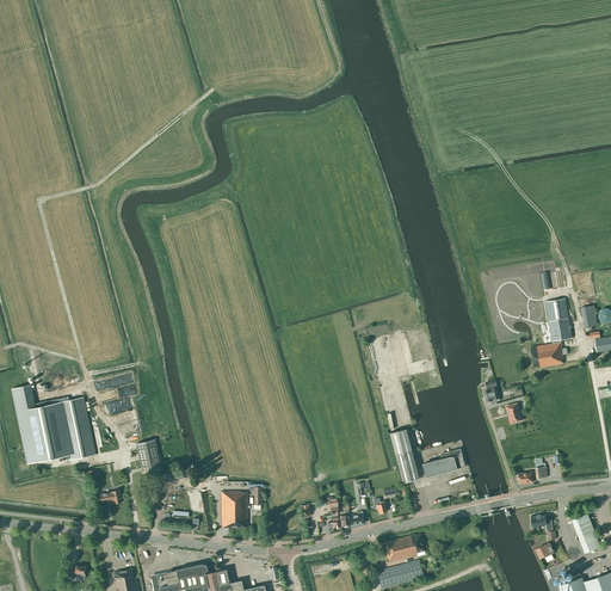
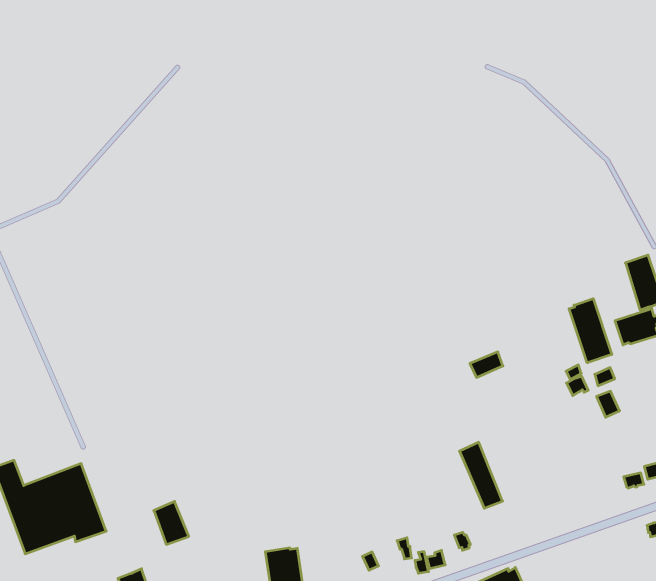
building: none -> [569,299,612,363]
building: [422,449,464,476] -> none

